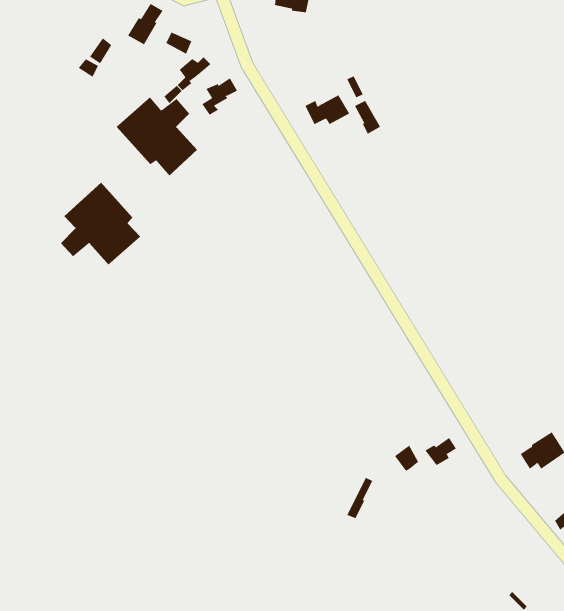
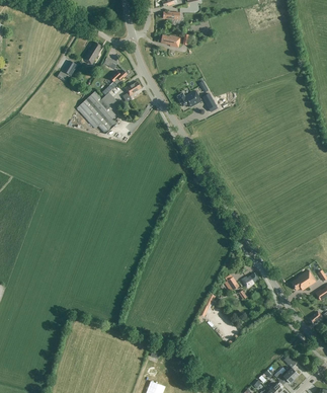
building: [60,182,141,265] -> none

